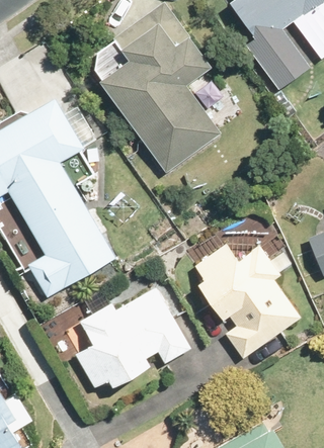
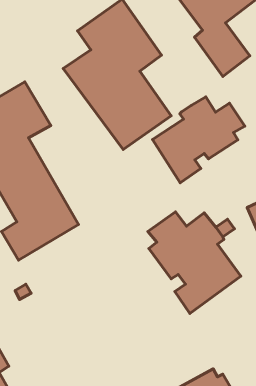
building: none -> [153,97,245,183]
building: [76,286,191,388] -> none

